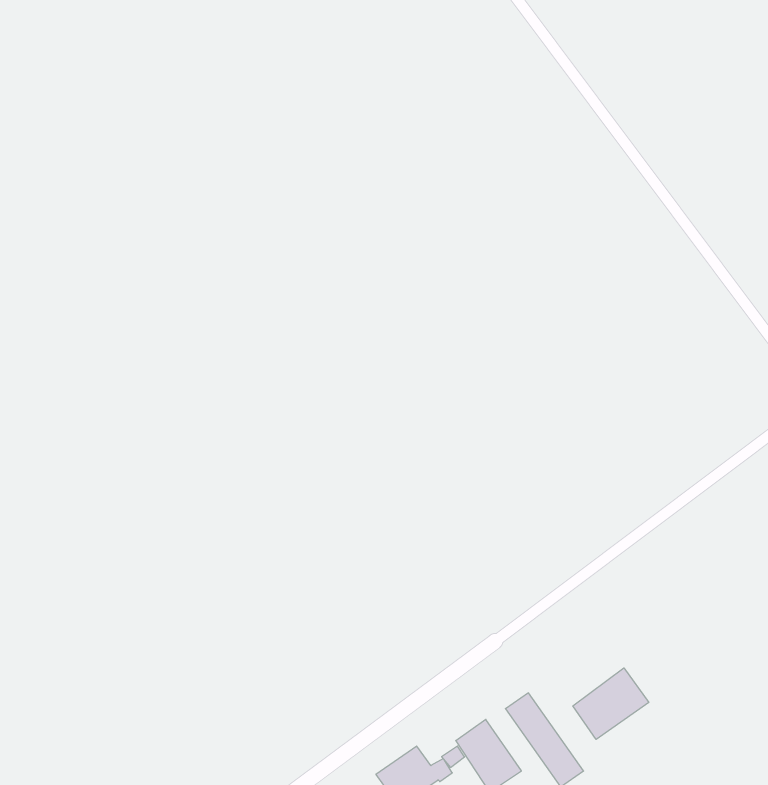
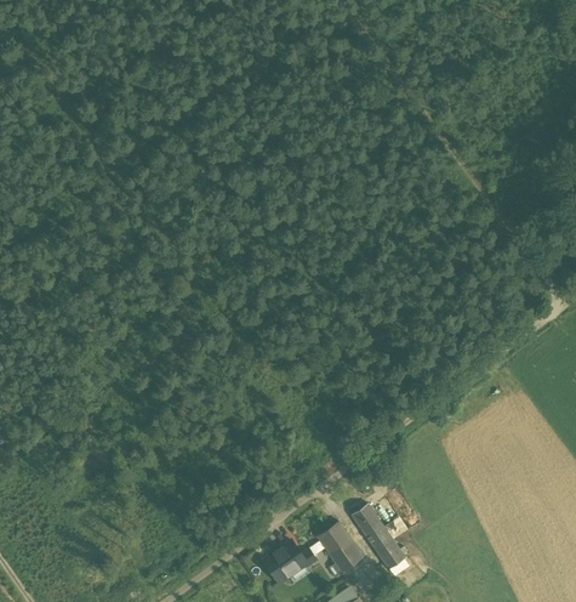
building: [573,668,649,739] -> none

